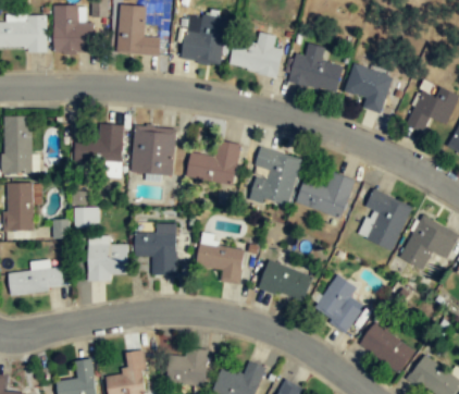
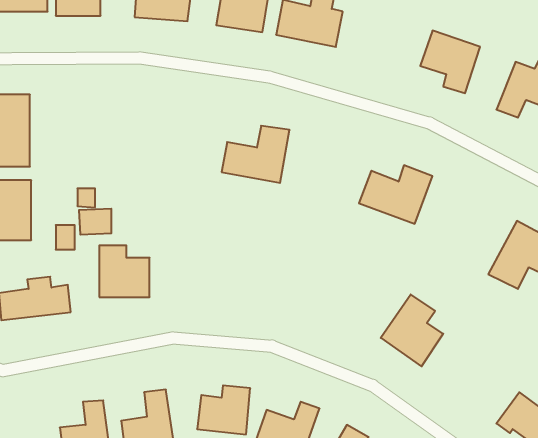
building: [288,44,343,93] -> none
building: [75,123,123,162] -> none
building: [131,126,175,175] -> none
building: [248,147,302,207] -> none
building: [358,188,412,250] -> none
building: [135,223,176,273] -> none
building: [197,242,244,283] -> none
building: [257,258,312,299] -> none
building: [359,321,413,372] -> none

